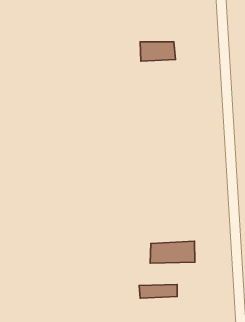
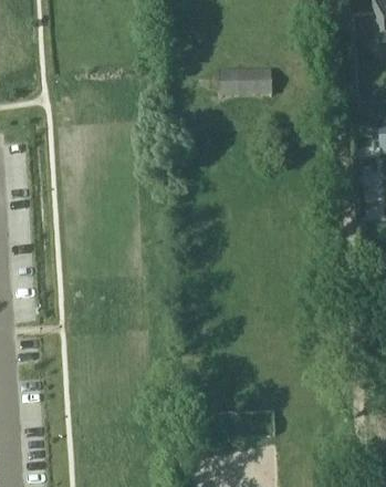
building: [150,241,195,263] -> none

